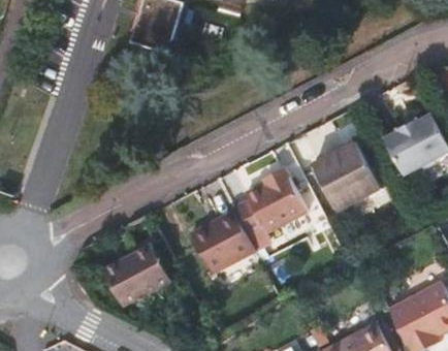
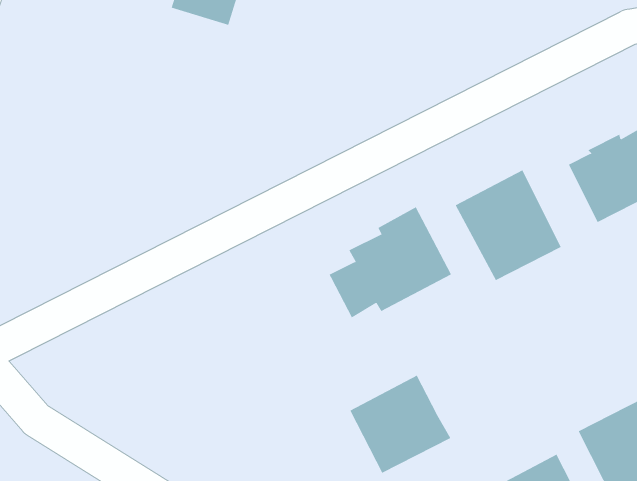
building: [189,210,254,273] -> [349,375,451,474]
building: [102,244,169,306] -> none

